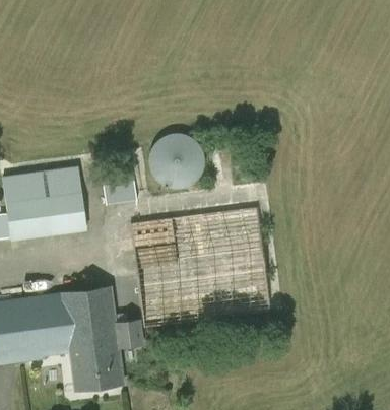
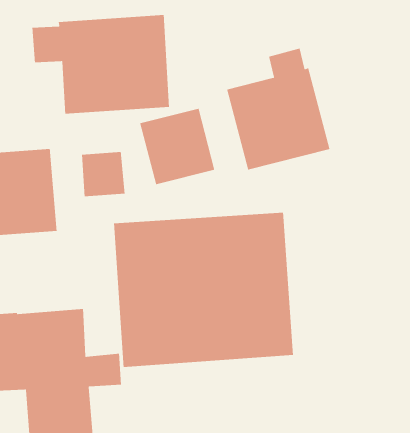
building: none -> [31,14,170,115]
building: none -> [226,48,331,170]

